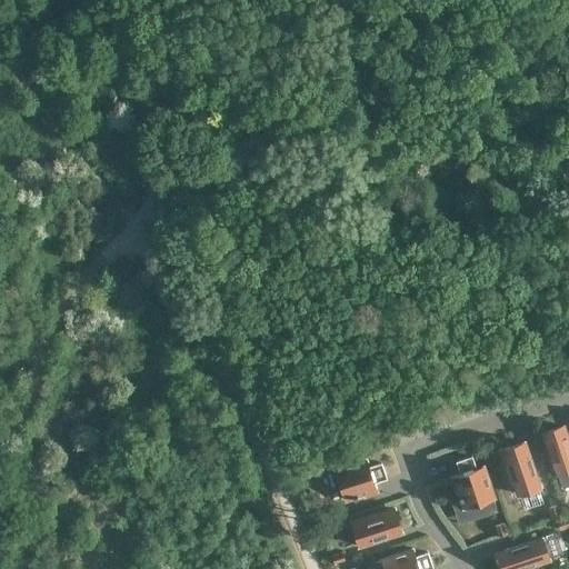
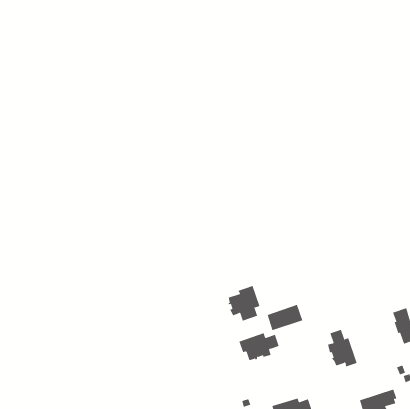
building: none -> [228,285,260,321]
building: [500,445,540,498] -> none
building: [352,510,402,547] -> [267,304,303,331]

